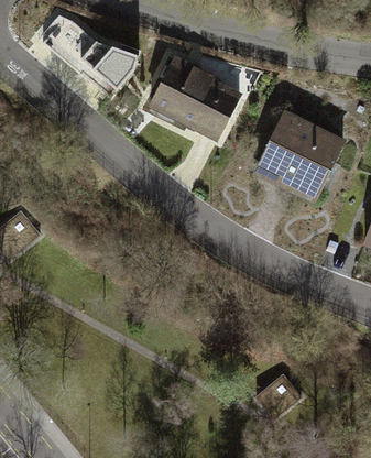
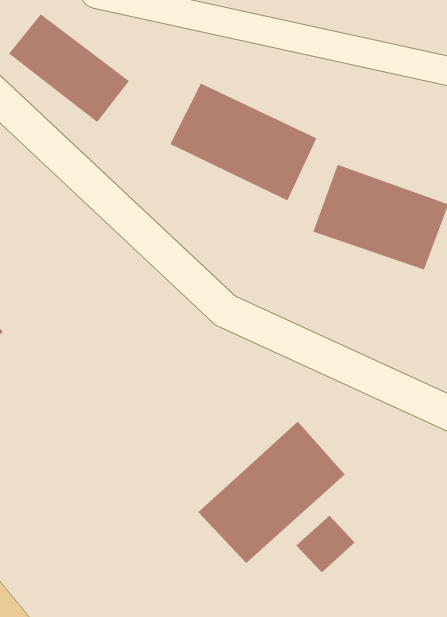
building: none -> [197,421,345,564]

